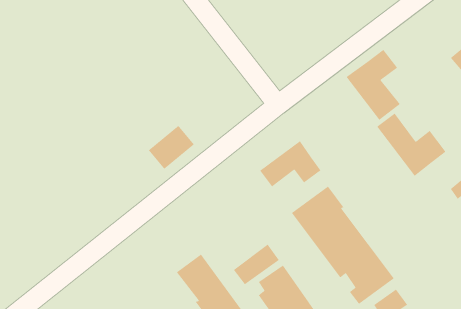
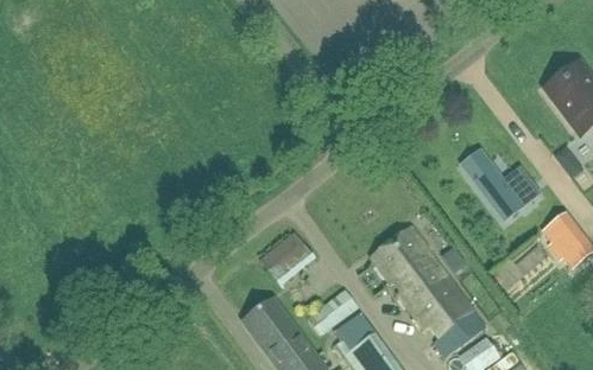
building: [346,49,401,121] -> none
building: [148,125,195,170] -> [259,232,310,281]
building: [259,140,322,188] -> none

